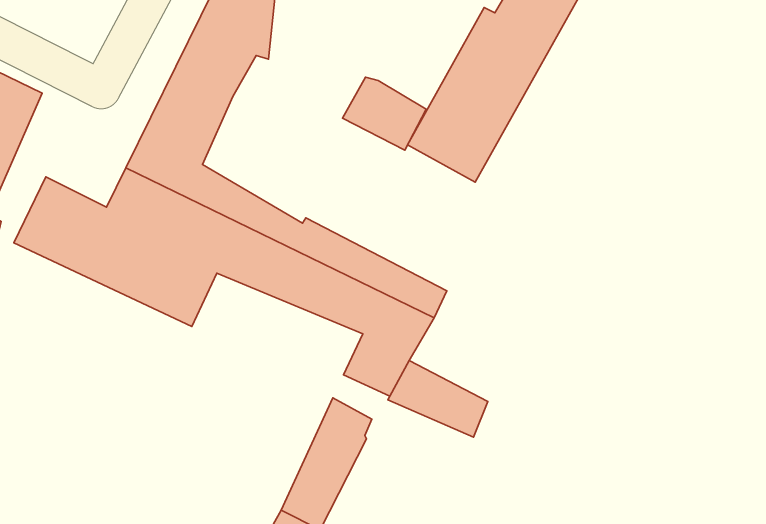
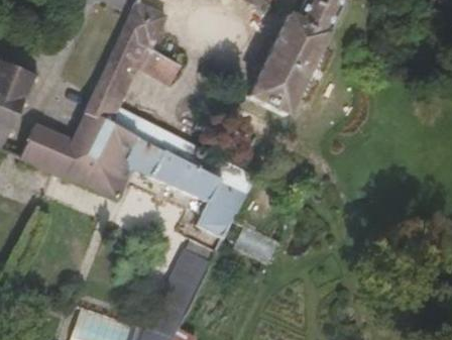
building: [342,77,426,150] -> [139,49,187,91]

